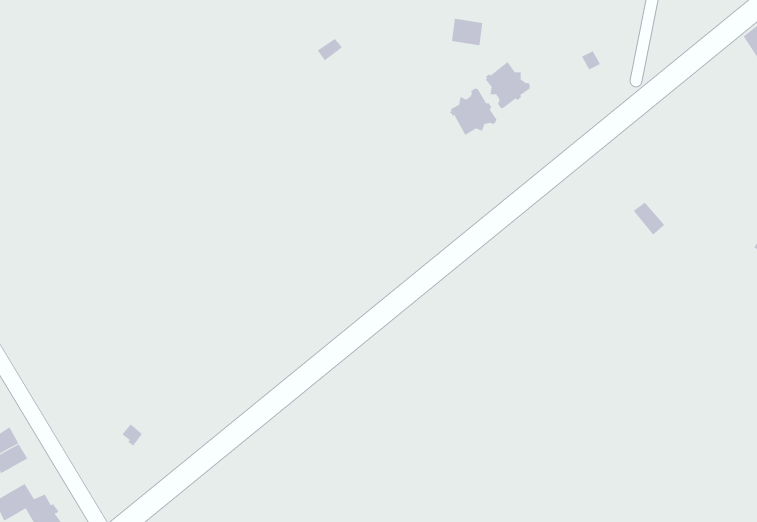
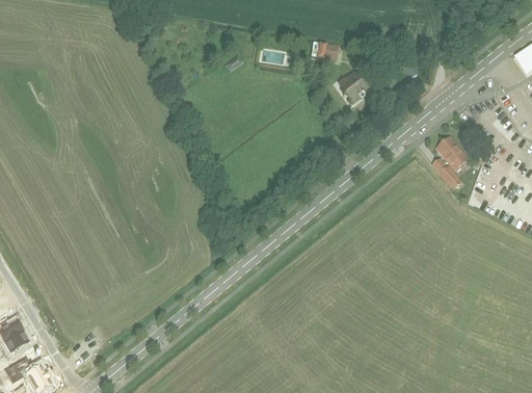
building: [449,88,497,136] -> none
building: none -> [436,135,468,168]

